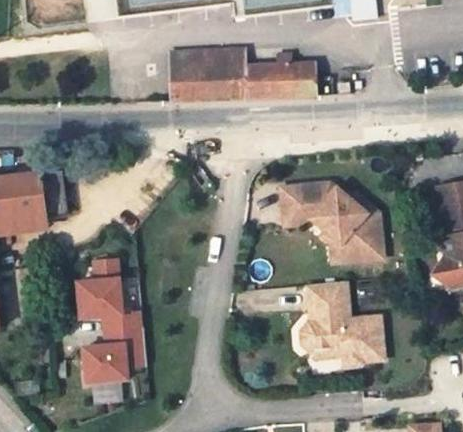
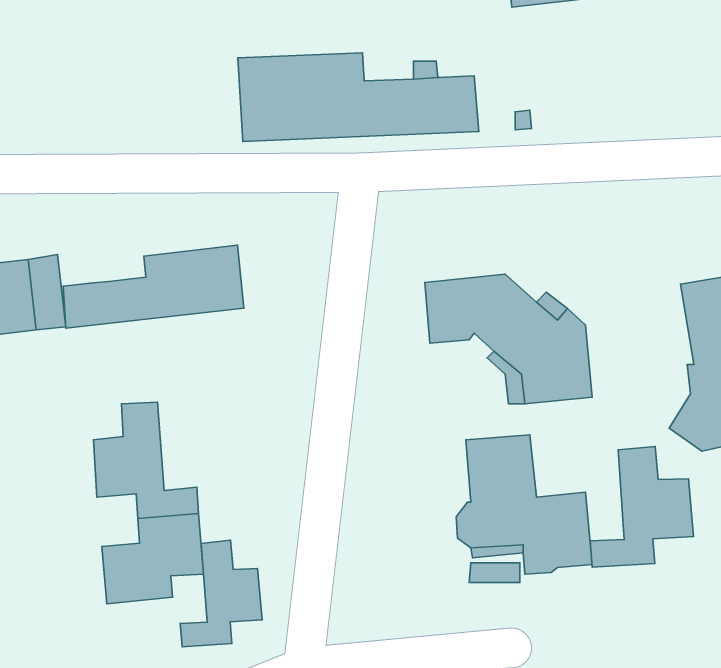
building: none -> [63,245,244,328]
building: none -> [590,447,693,567]
building: none -> [180,540,262,647]

